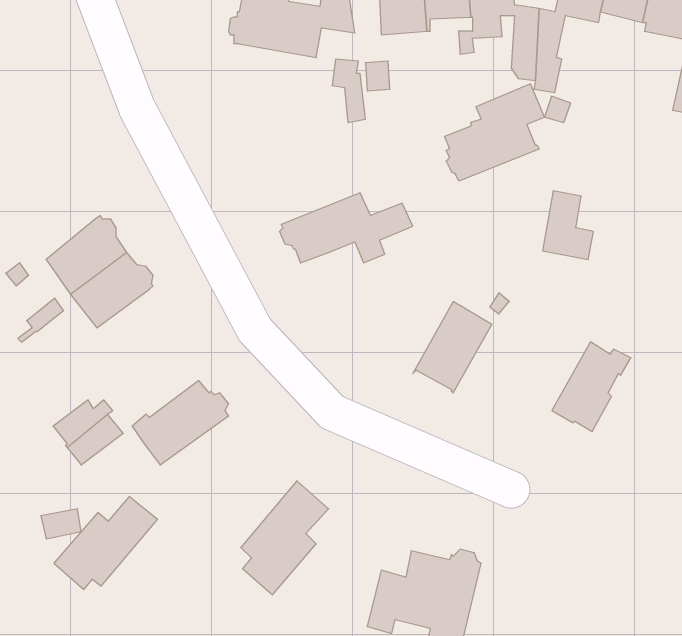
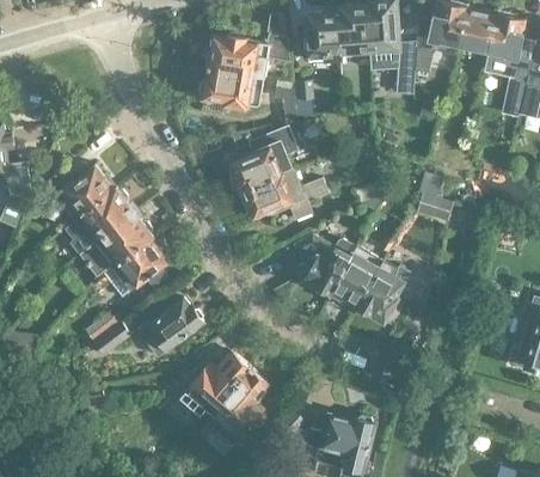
building: none -> [200,68,264,109]
building: [444,84,544,180] -> [229,126,297,191]
building: none -> [57,161,113,218]
building: none -> [295,233,357,293]
building: none -> [94,236,171,298]
building: [552,342,631,432] -> [357,259,411,320]
building: [54,497,157,590] -> [180,350,251,414]

